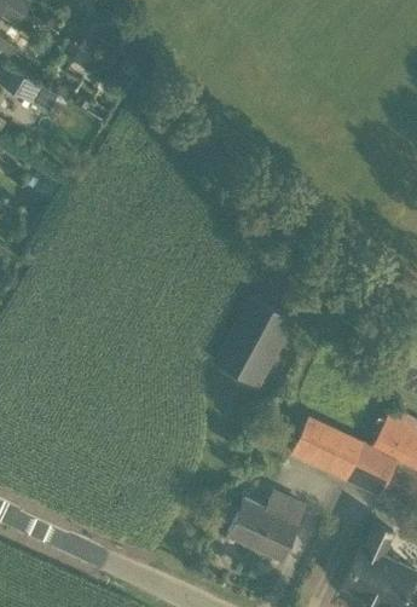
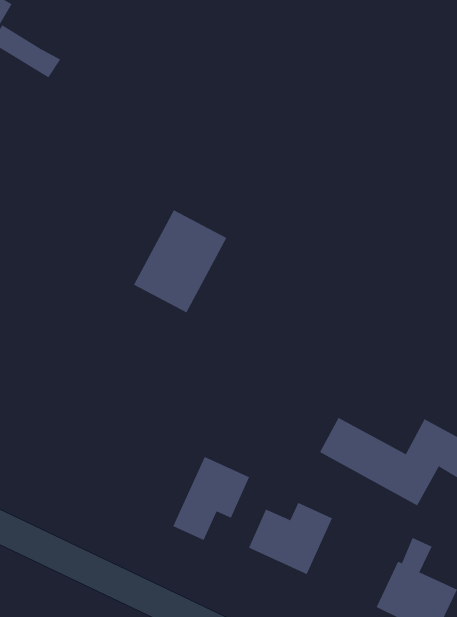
building: [212,294,296,387] -> [133,209,227,313]
building: none -> [173,456,250,541]

